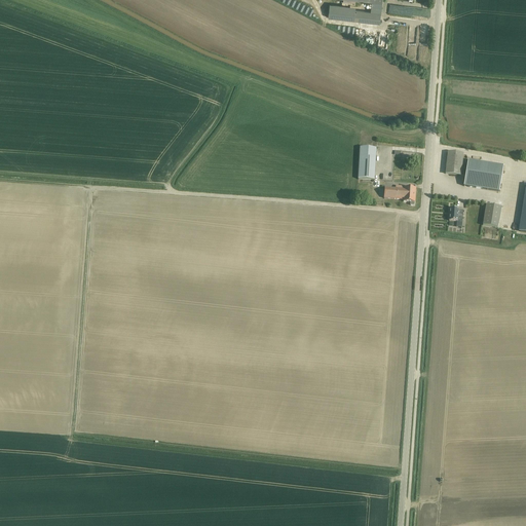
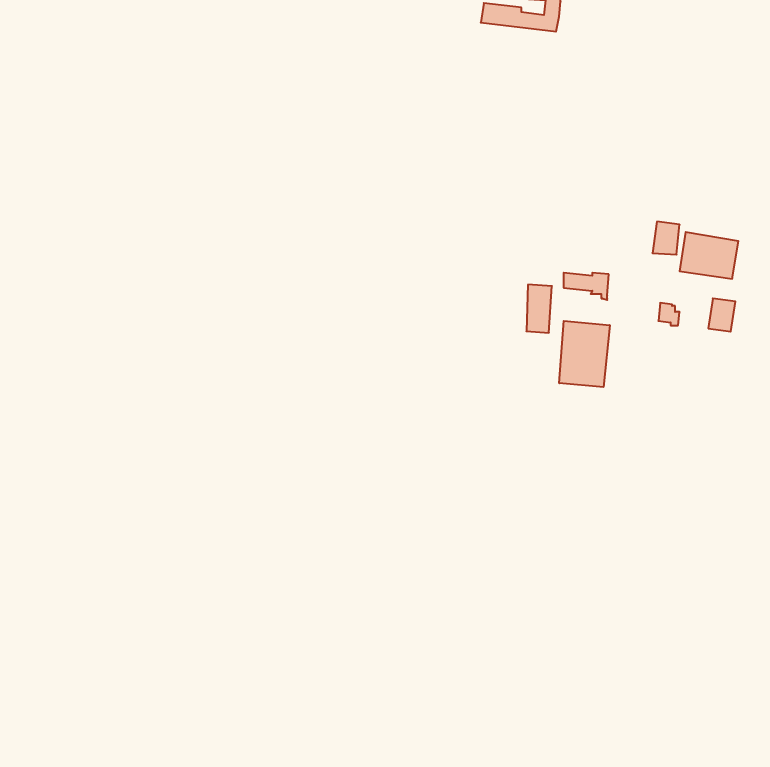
building: [359,146,376,179] -> [526,285,552,333]
building: none -> [559,321,610,387]

